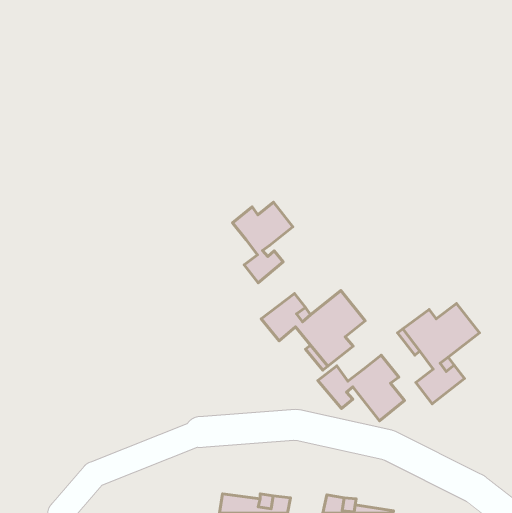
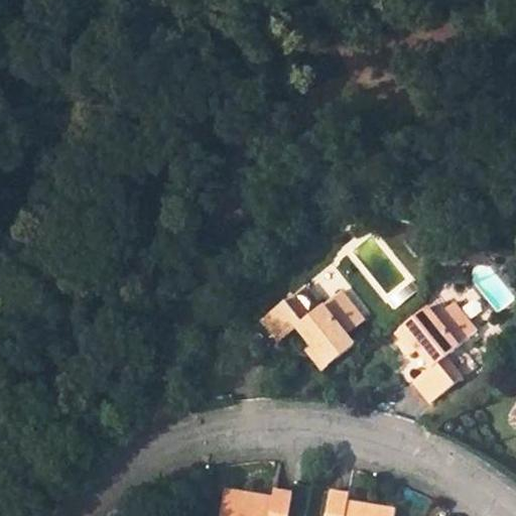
building: [232,202,293,283] -> none
building: [318,355,405,421] -> none

